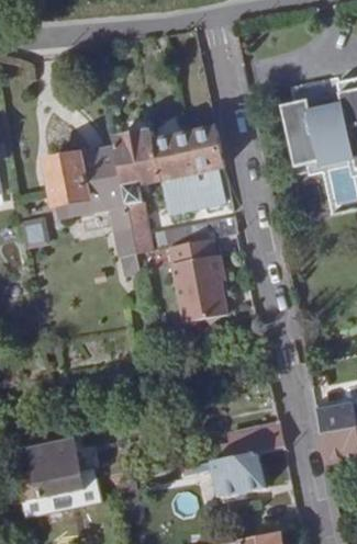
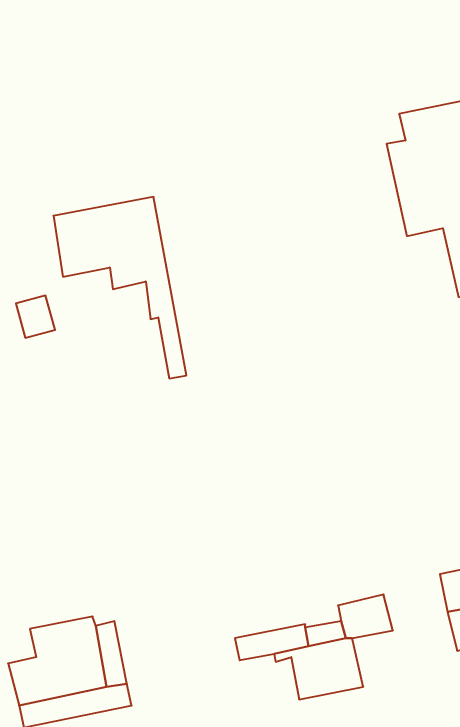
building: [115,131,238,253] -> none
building: [176,254,228,317] -> none

